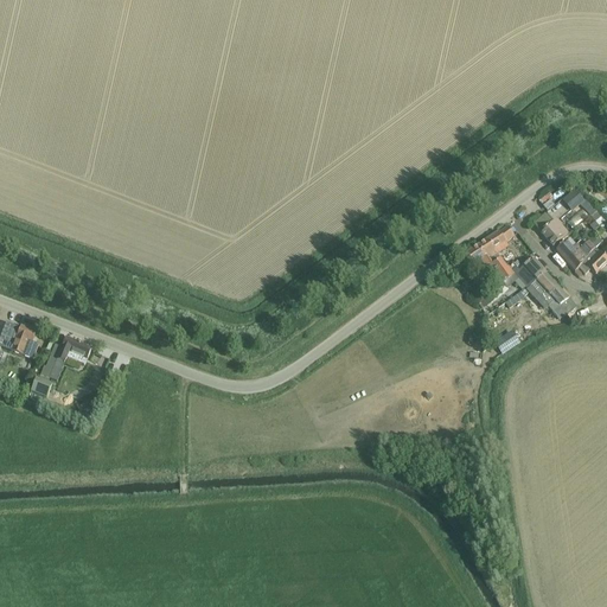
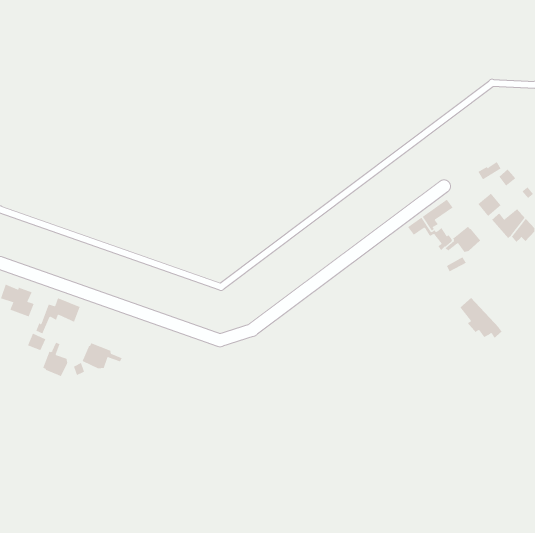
building: [531,273,580,320] -> [460,297,503,339]
building: none -> [43,342,68,377]
building: none -> [82,343,122,369]

